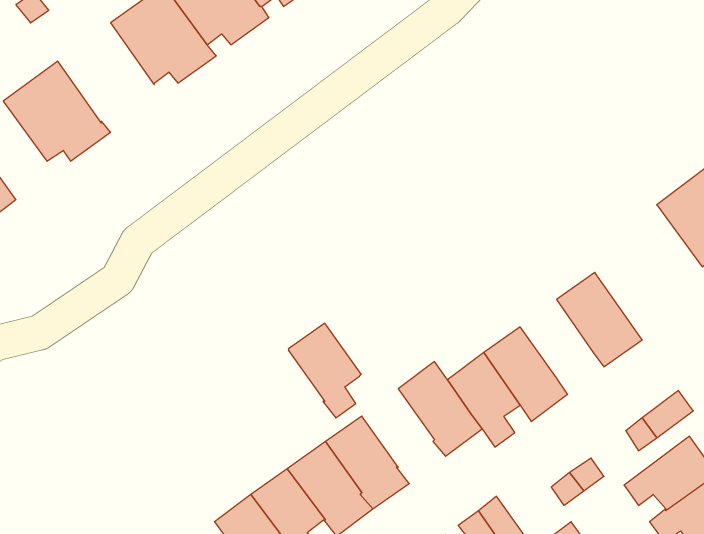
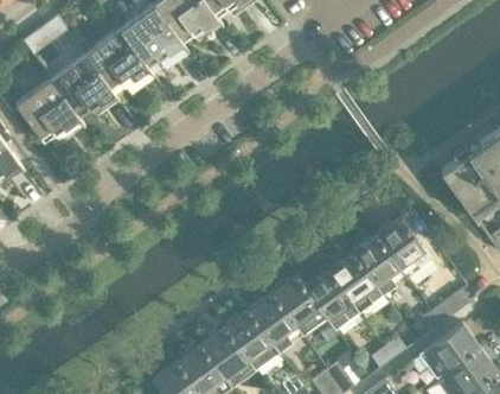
building: none -> [50,53,118,119]
building: none -> [351,234,398,296]
building: [288,323,361,418] -> [248,292,295,354]

